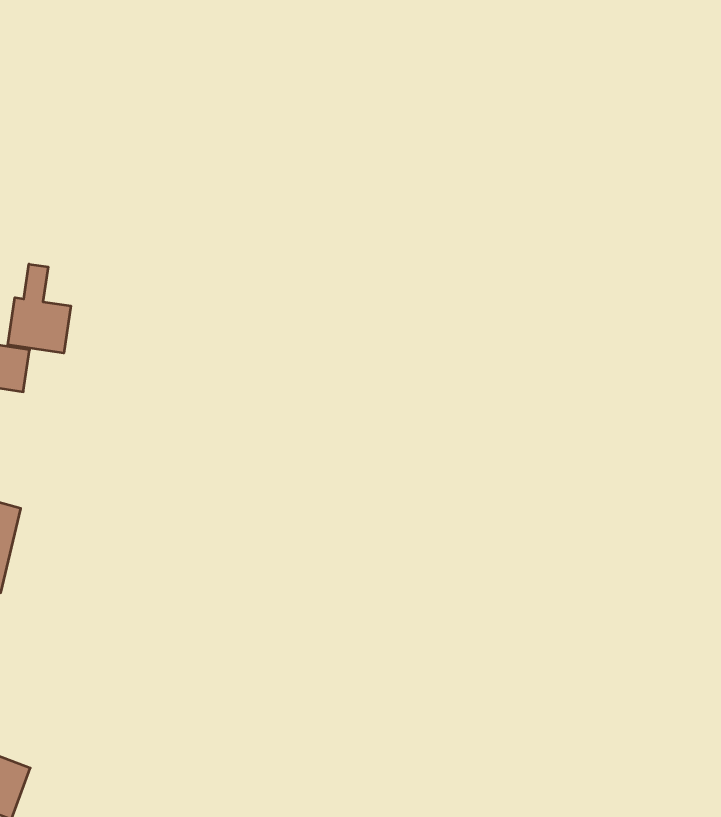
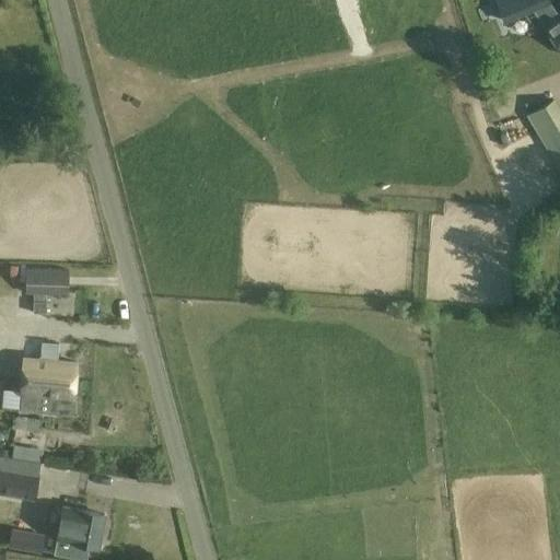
building: [8,264,71,353] -> none

